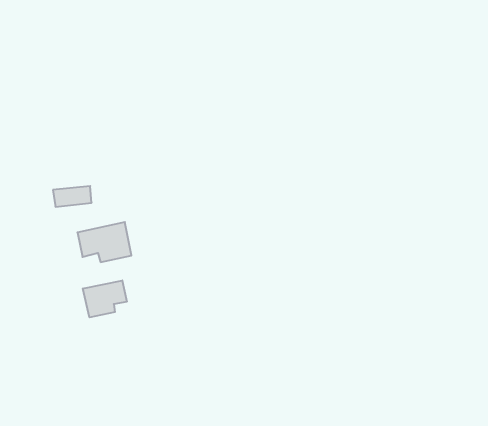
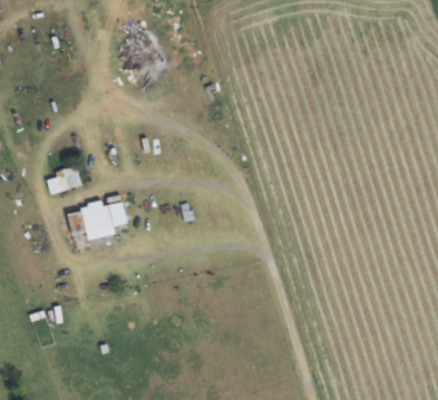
building: [83,280,127,317] -> none

